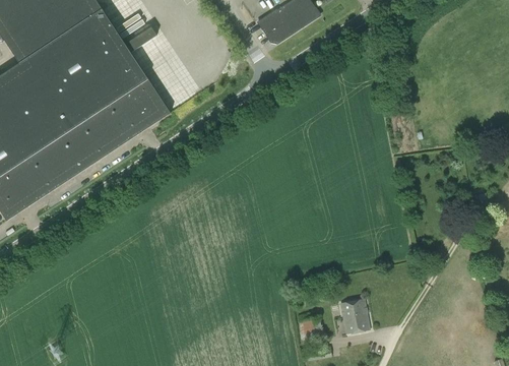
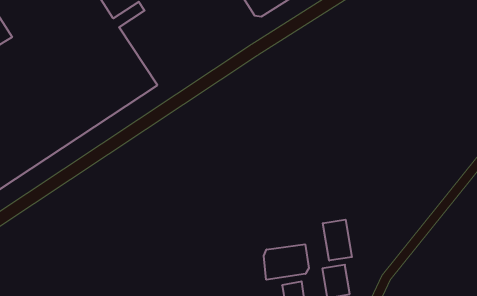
building: none -> [323,220,352,261]
building: none -> [264,244,309,280]

